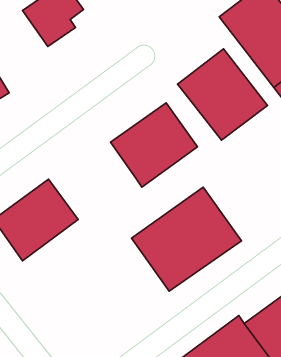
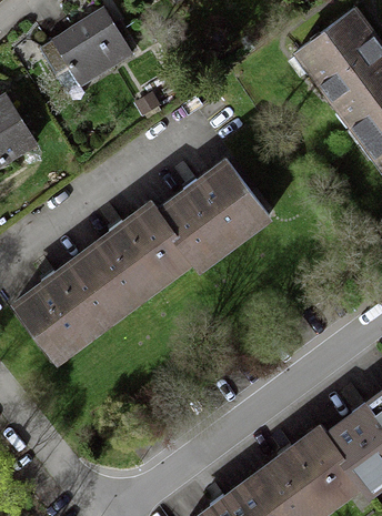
building: [178,49,267,140] -> none
building: none -> [84,203,192,305]
building: [132,187,242,291] -> none

